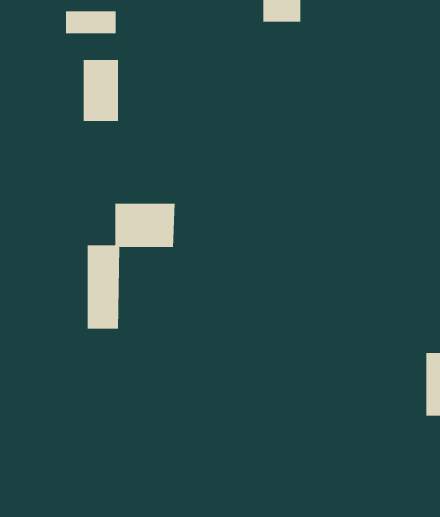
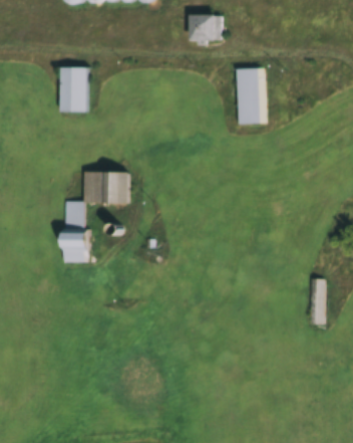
building: [66,11,116,34] -> none
building: none -> [236,67,263,124]

